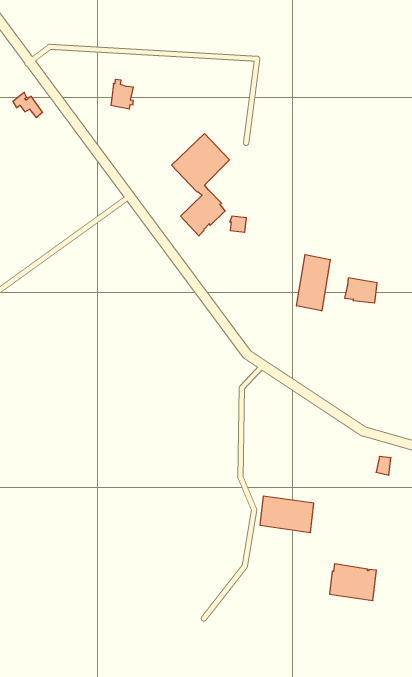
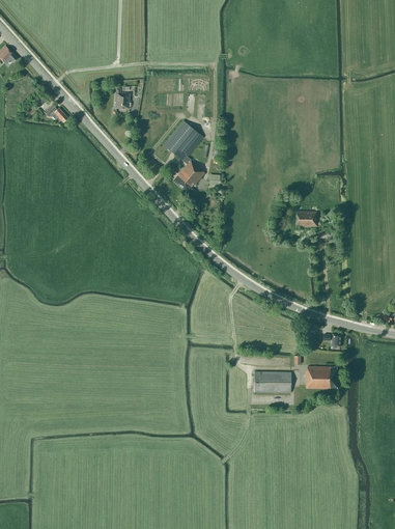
building: [297,254,330,311] -> none
building: [330,564,376,601] -> [305,366,336,389]

